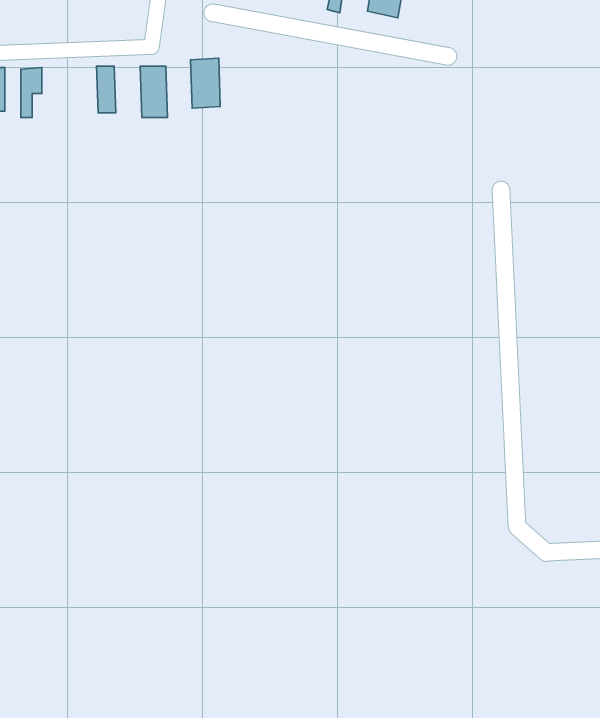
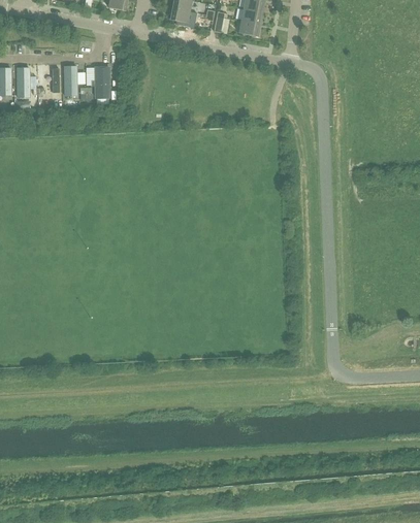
building: [191,58,220,108] -> none

